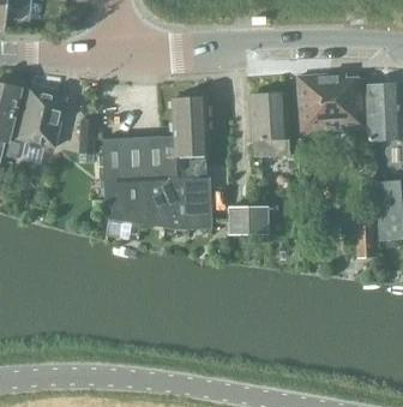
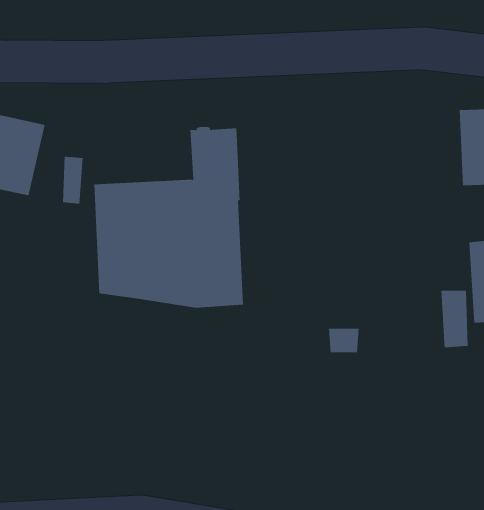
building: [301,74,366,128] -> none
building: [251,88,290,155] -> none
building: [231,207,269,234] -> none

